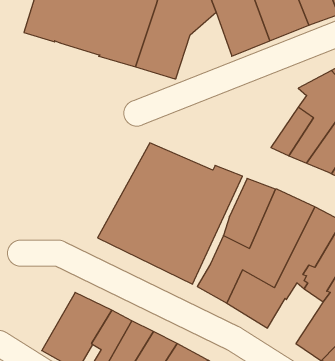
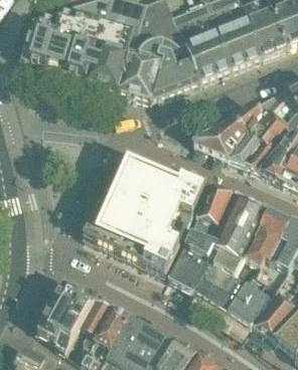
building: none -> [151,44,198,101]
building: none -> [194,109,262,159]
building: none -> [229,273,276,326]

